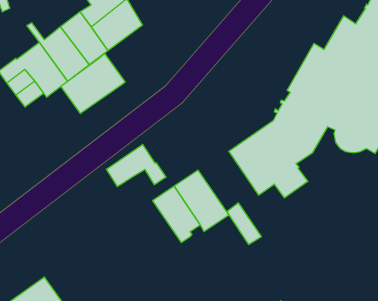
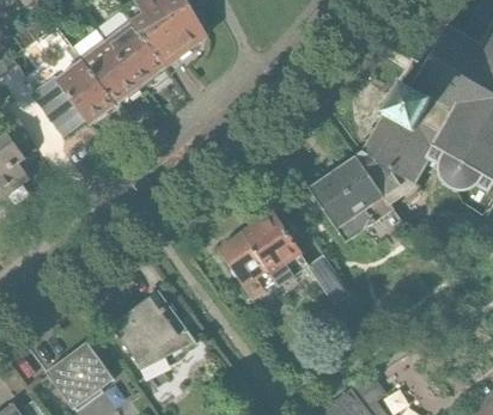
building: [61,54,125,114] -> none
building: [106,144,166,187] -> none
building: none -> [110,297,193,362]

